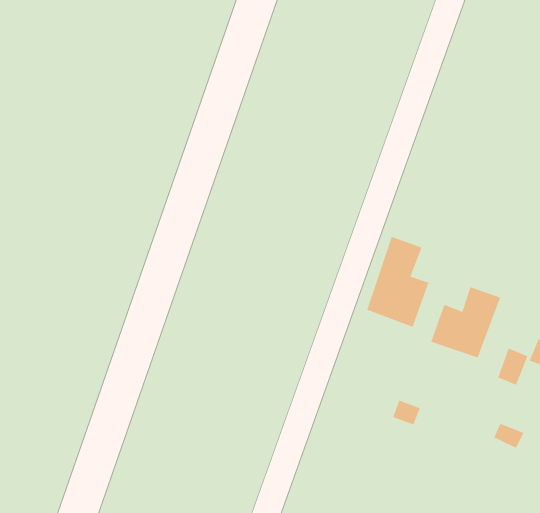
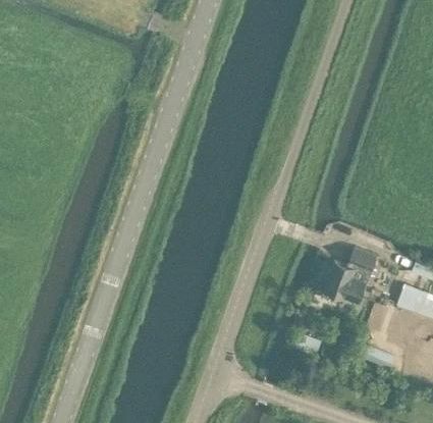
building: [366,236,430,328] -> none

